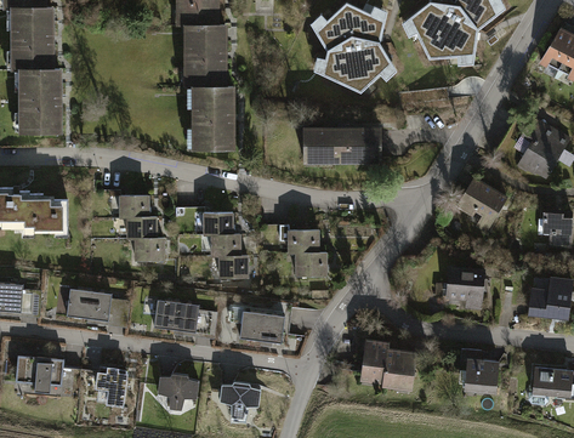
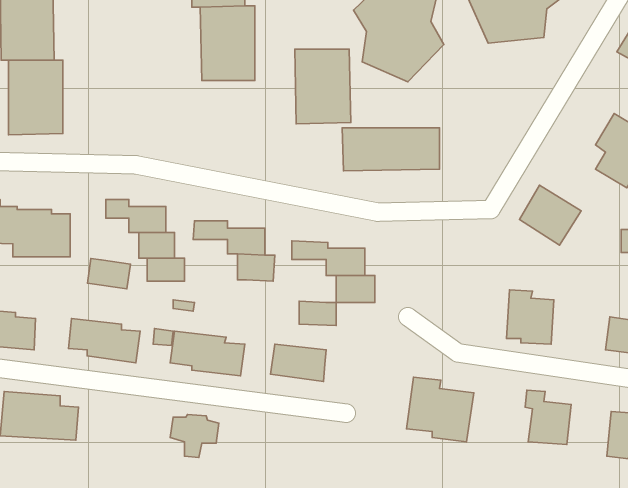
building: [189,89,237,152] -> [295,49,351,124]
building: none -> [87,258,130,289]
building: [221,257,252,278] -> [299,301,336,326]
building: [95,364,126,403] -> none
building: [218,379,260,416] -> none

